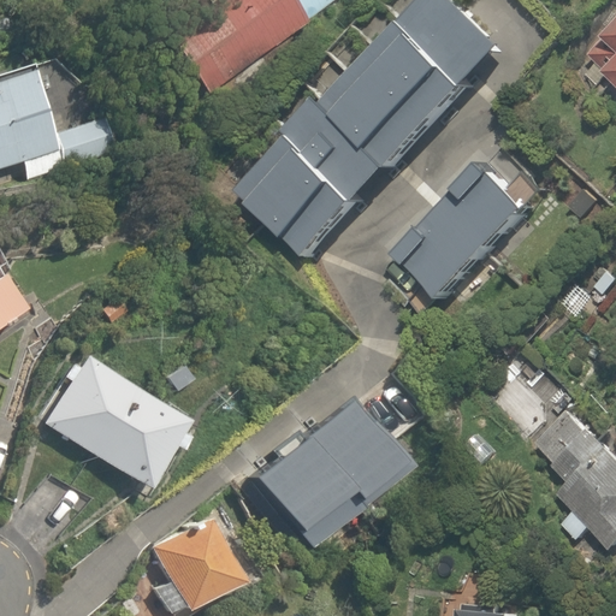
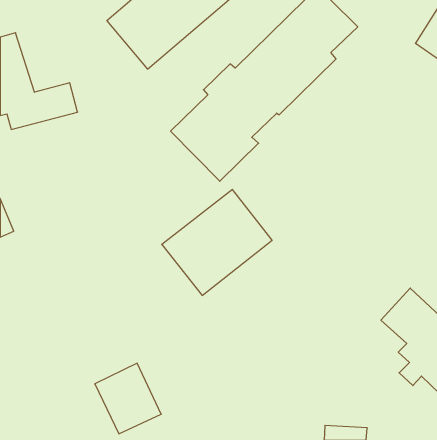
building: [398,155,534,296] -> none
building: [32,351,182,484] -> none
building: [242,392,396,540] -> [162,189,272,295]

